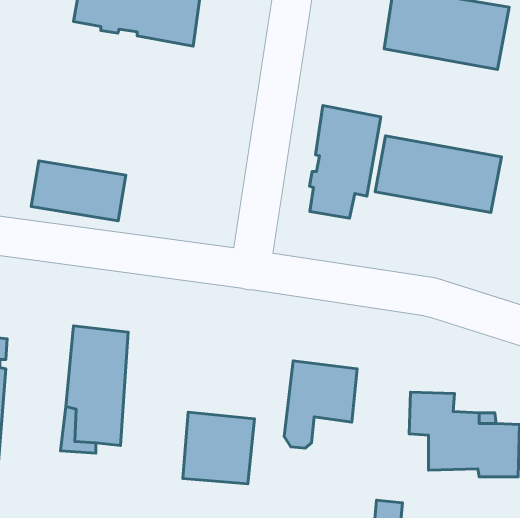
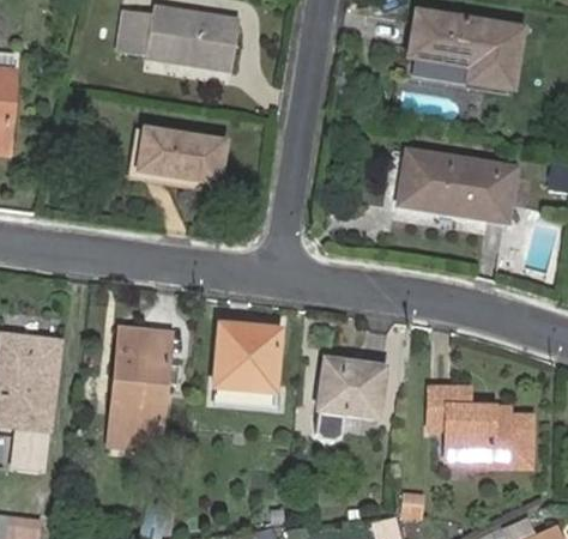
building: [309,106,381,218] -> none
building: [31,161,126,221] -> [137,128,224,183]
building: [183,412,254,484] -> [212,325,278,390]

